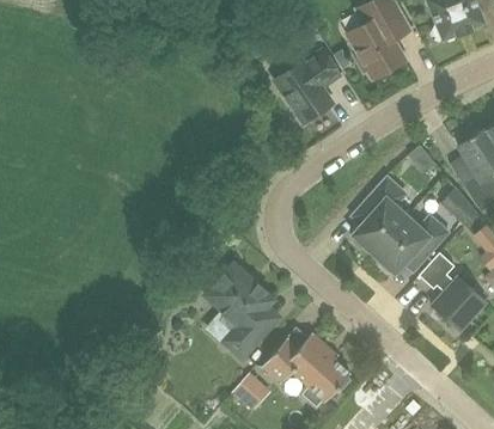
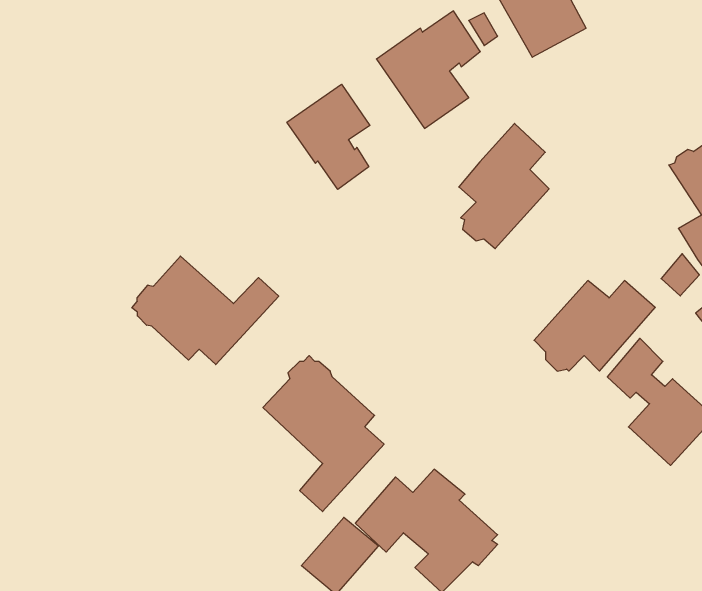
building: none -> [287,84,370,189]
building: [350,176,407,253] -> [459,123,549,249]
building: none -> [132,256,279,365]

